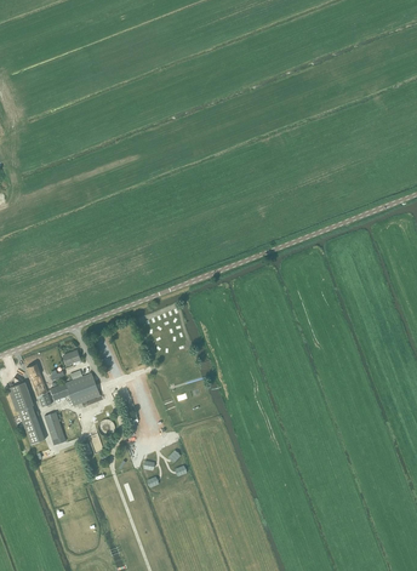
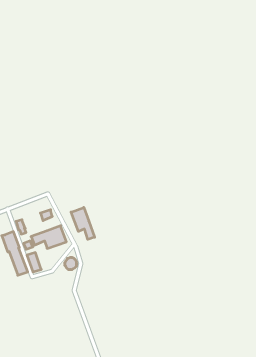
building: none -> [71,207,95,239]

